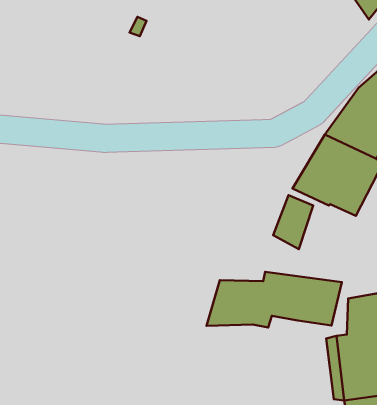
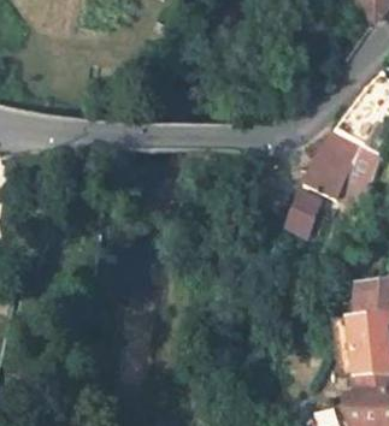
building: [206,272,342,327] -> none

